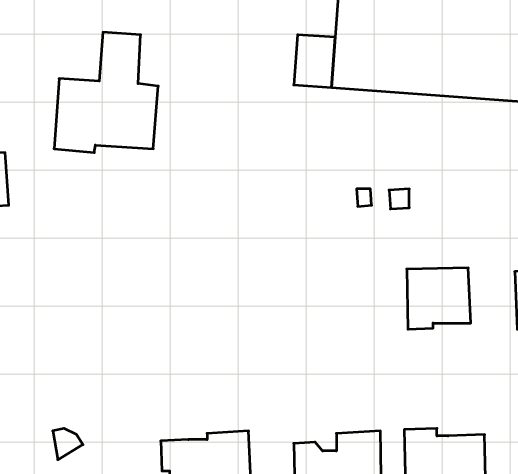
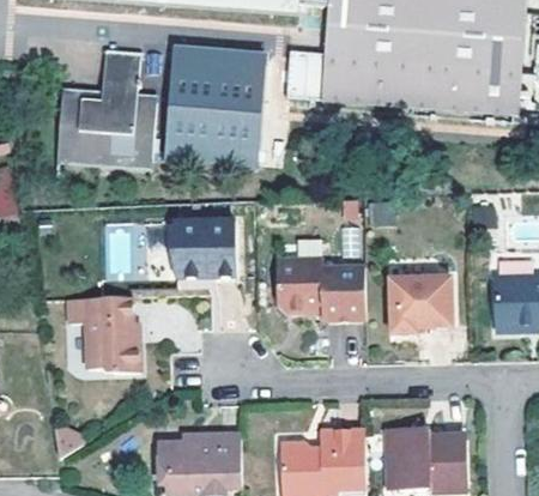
building: none -> [162,42,261,164]
building: none -> [168,218,229,276]
building: none -> [280,256,368,320]
building: none -> [68,294,138,369]

